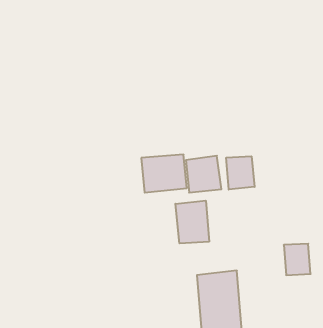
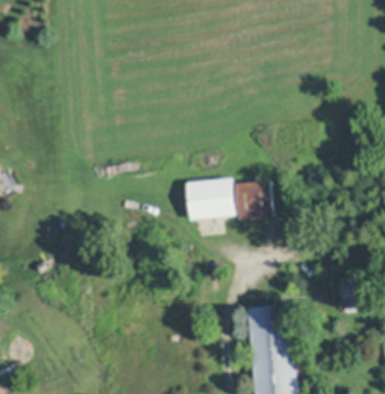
building: [226,156,255,190] -> none
building: [175,201,209,243] -> none

